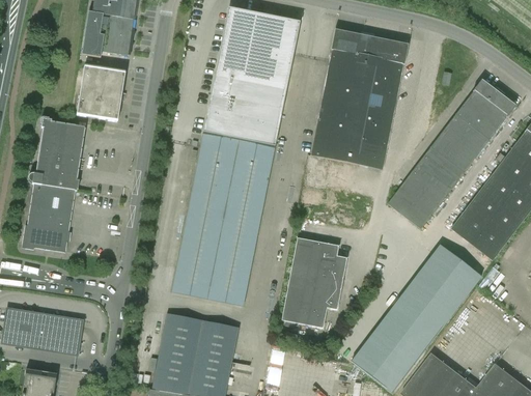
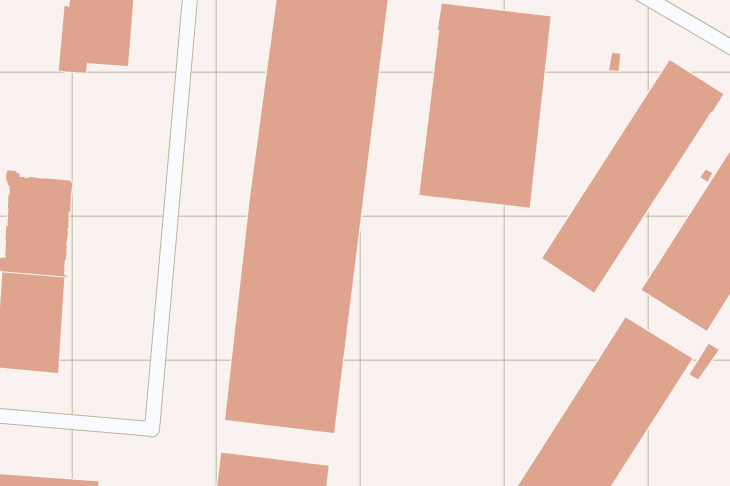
building: [76,64,124,121] -> none
building: [281,237,346,328] -> none

